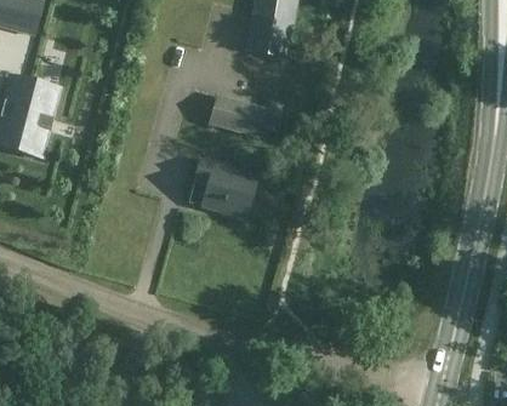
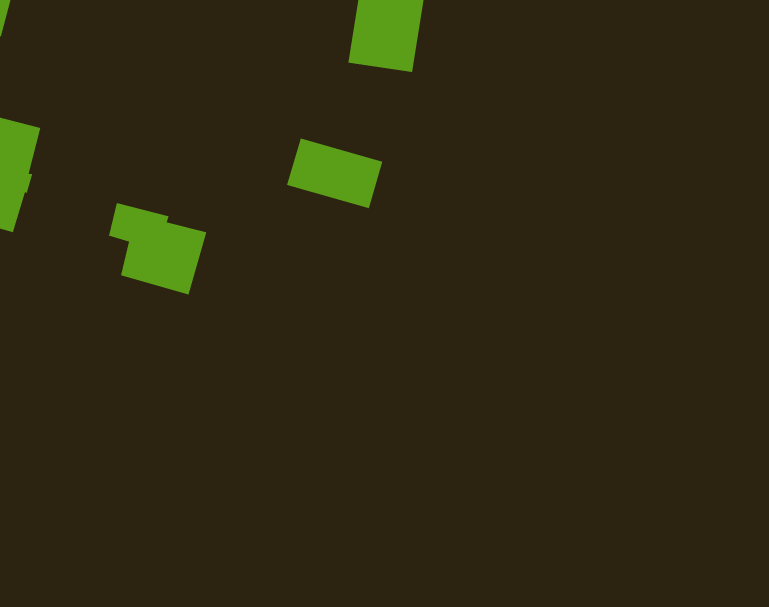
building: [195,160,256,217] -> [108,202,207,295]

